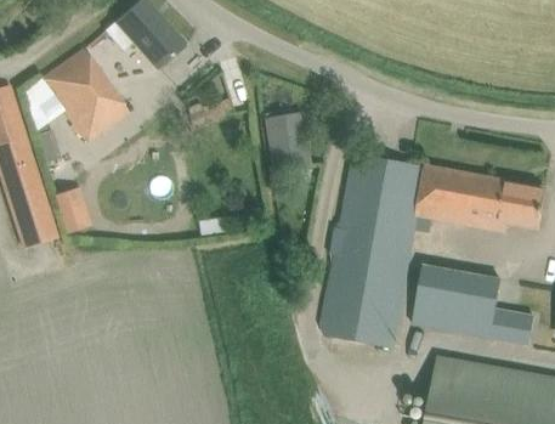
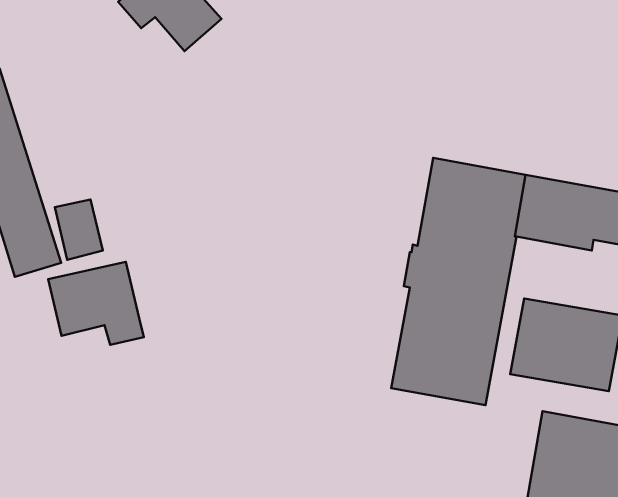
building: [22,50,125,143] -> none
building: [265,114,307,173] -> none
building: none -> [48,262,144,345]

